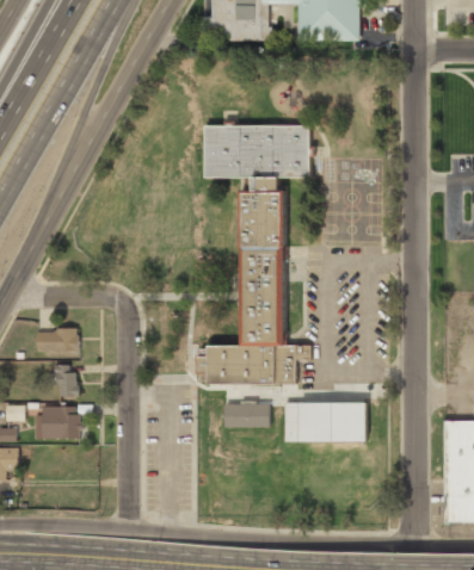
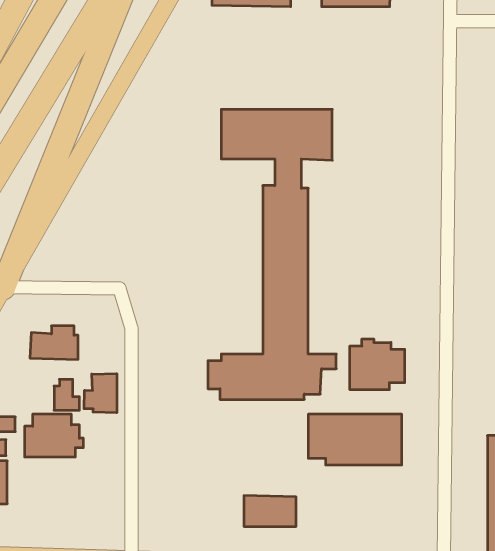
building: none -> [350,339,405,390]
building: none -> [84,374,117,413]
building: [222,399,269,427] -> [244,496,296,526]

